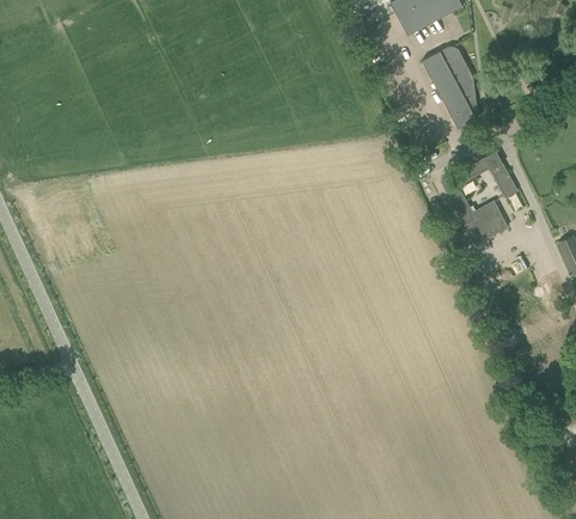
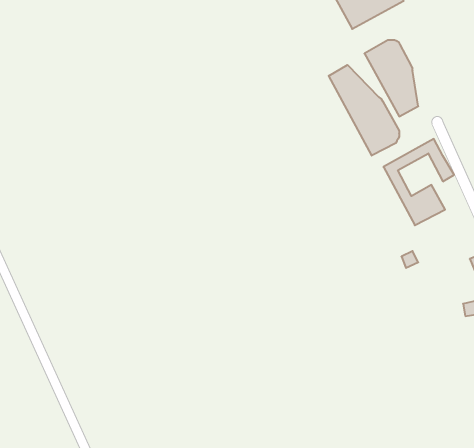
building: none -> [329,65,399,156]

